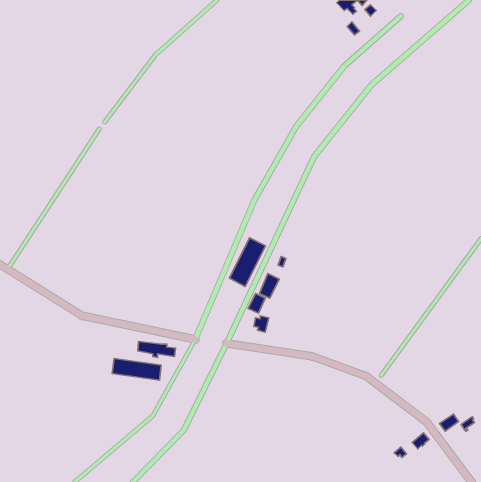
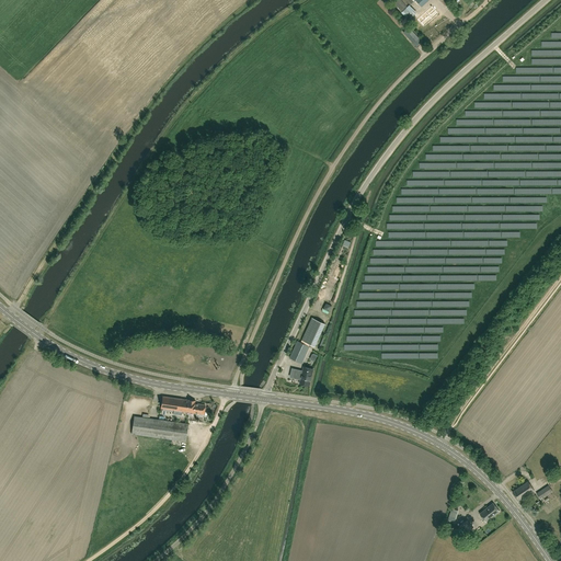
building: [229,238,266,287] -> none

